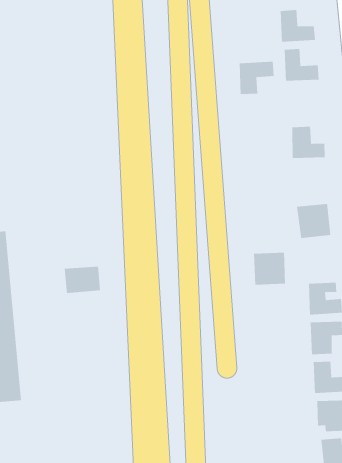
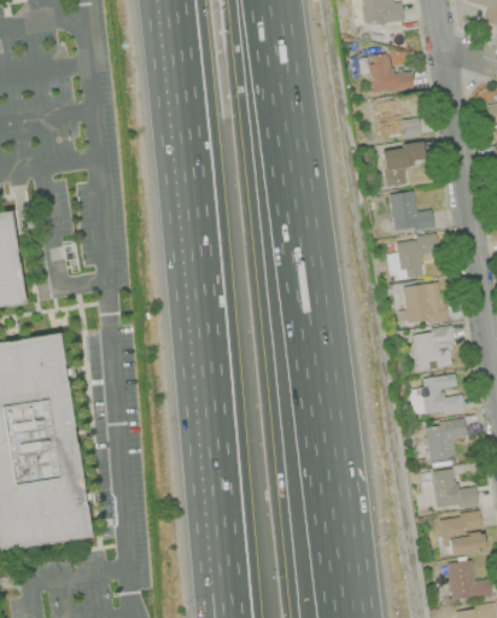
building: [239,61,275,95] -> [382,144,426,186]
building: none -> [387,234,440,279]
building: [253,252,286,285] -> [414,328,455,369]
building: [64,266,101,294] -> none

